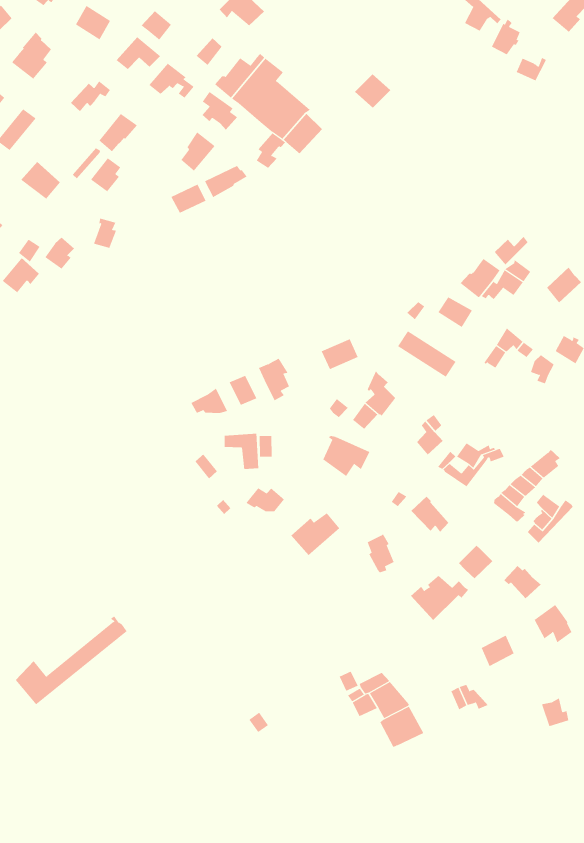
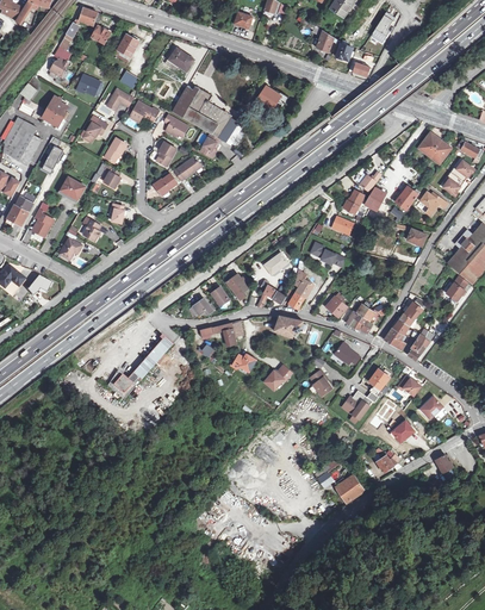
building: [15,616,127,705] -> [107,334,172,397]

